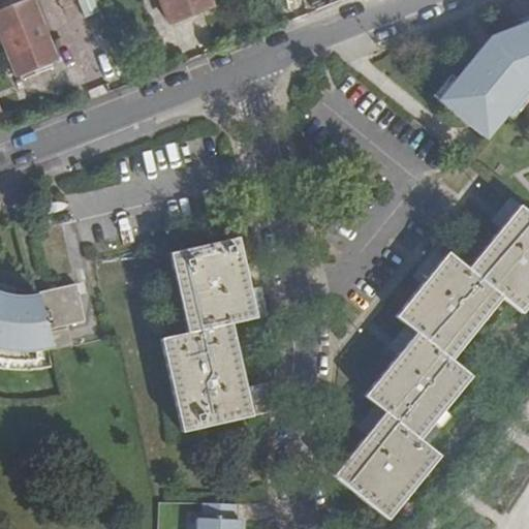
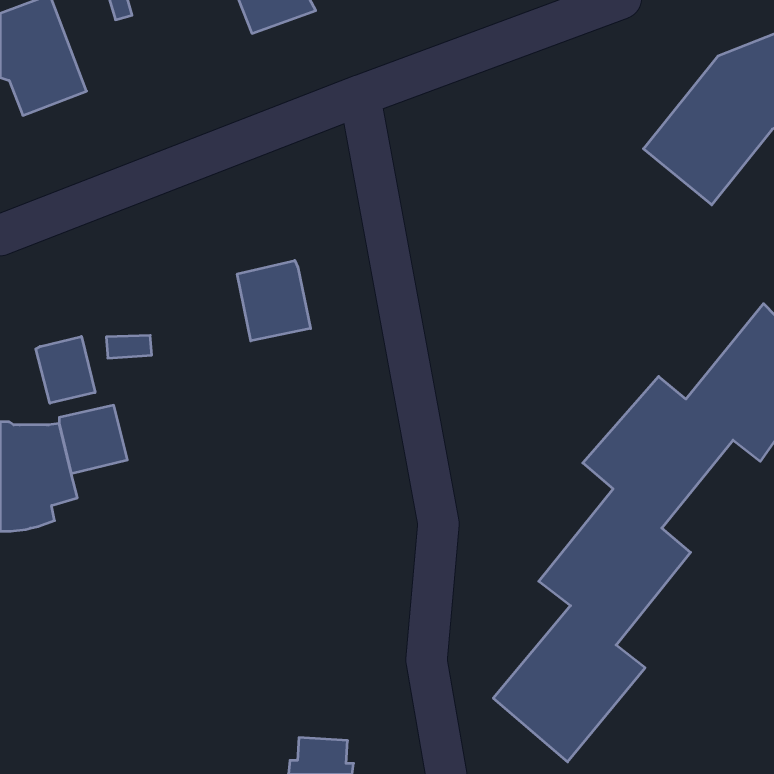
building: none -> [237,260,311,341]
building: none -> [36,336,95,403]
building: [163,238,273,431] -> none

